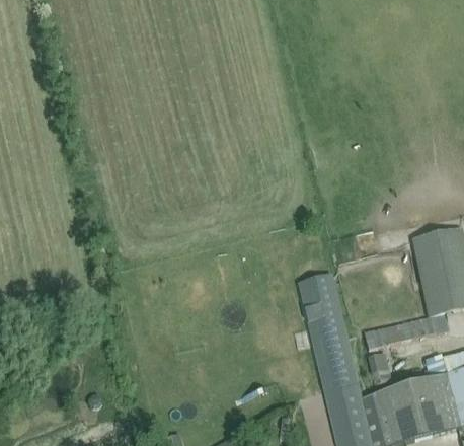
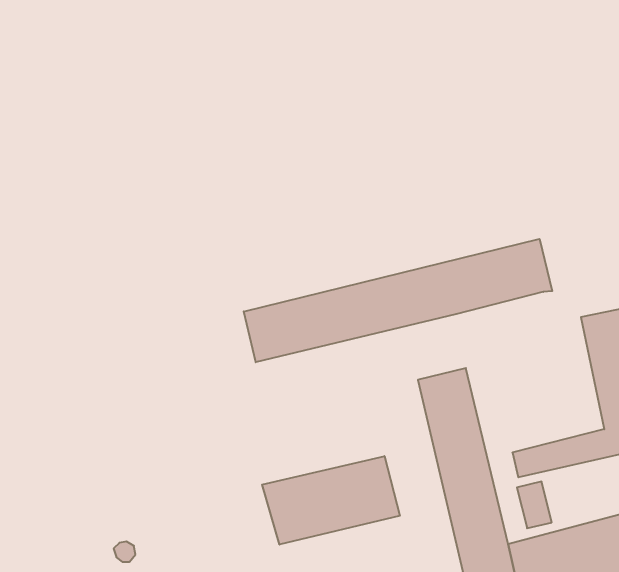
building: none -> [244,239,552,362]
building: none -> [262,456,400,545]

